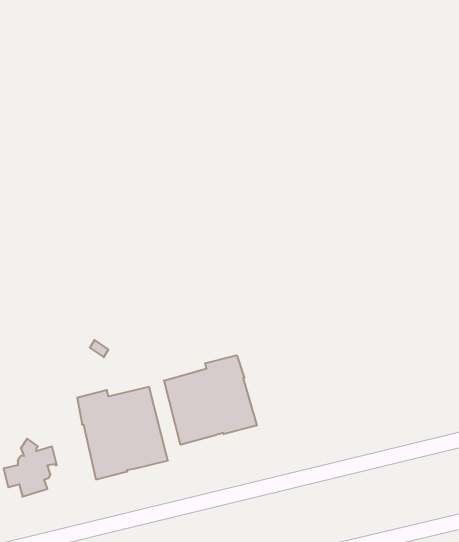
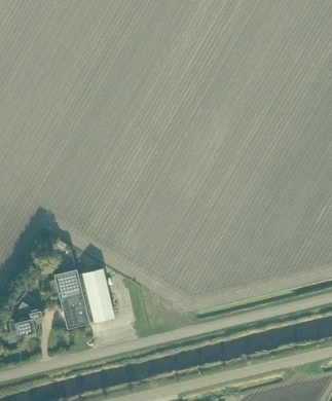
building: [164,355,257,445] -> none

